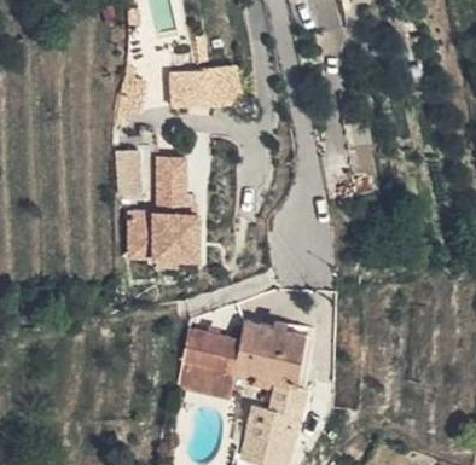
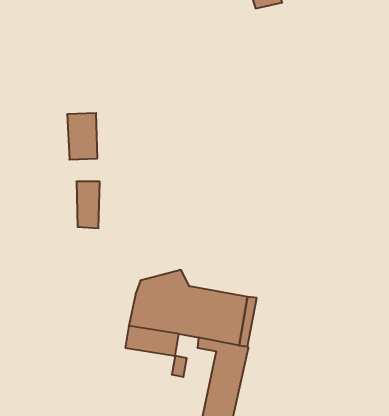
building: [169,69,238,109] -> none
building: [156,162,184,208] -> none
building: [150,216,198,265] -> none

